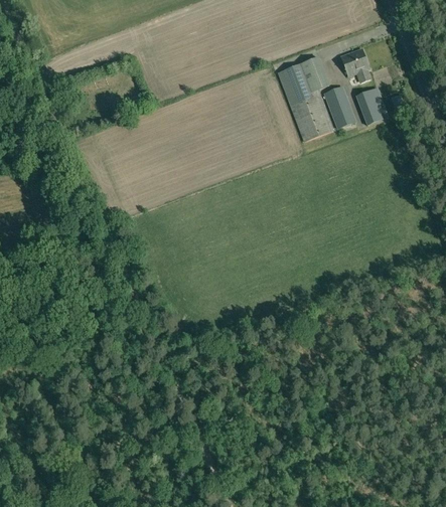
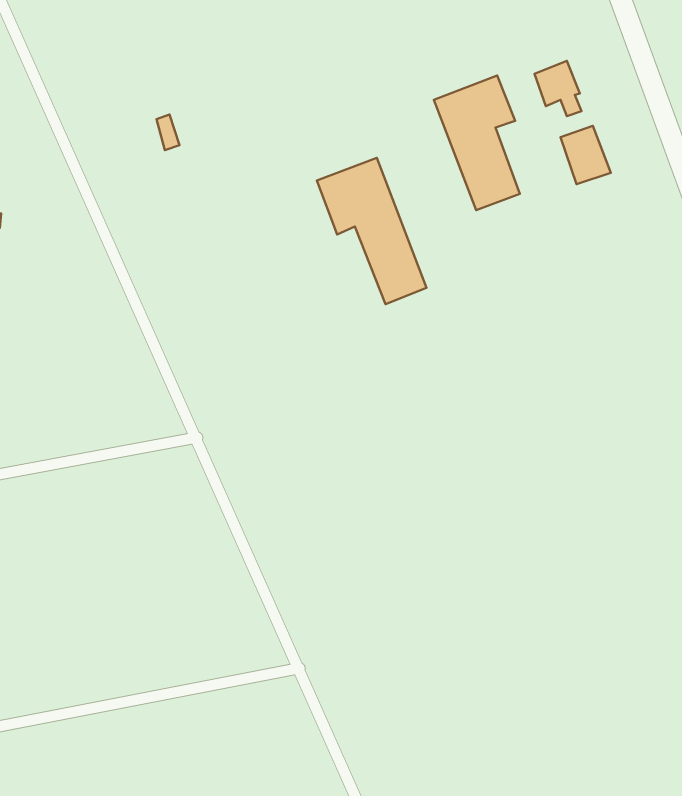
building: [323,87,355,129] -> none
building: none -> [317,158,427,304]

